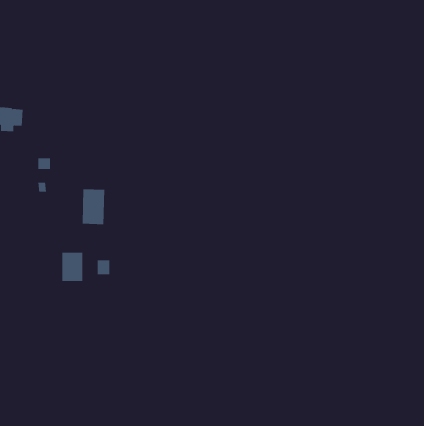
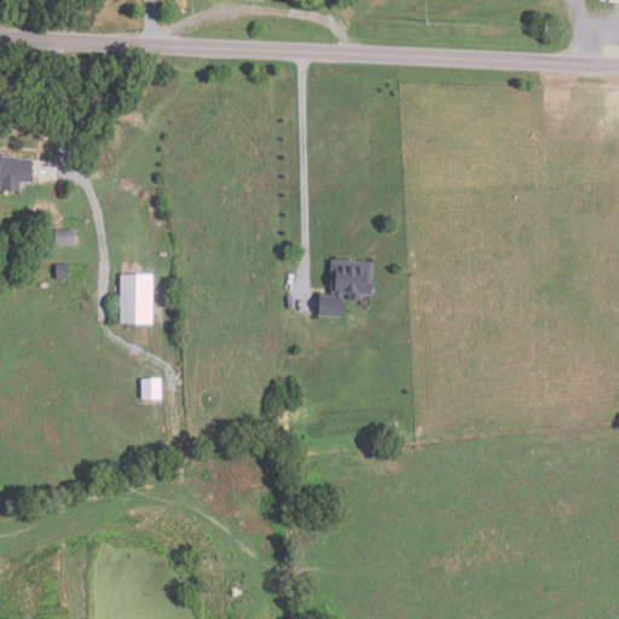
building: none -> [318,260,374,317]
building: [62,252,83,282] -> none

